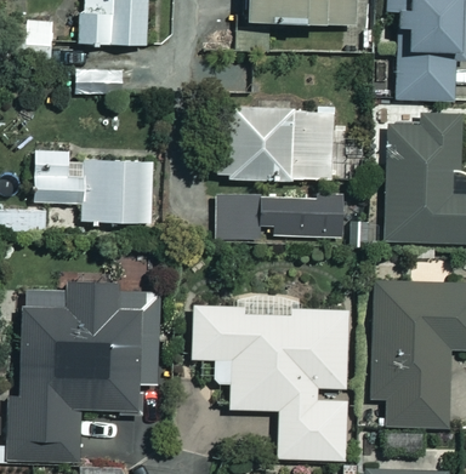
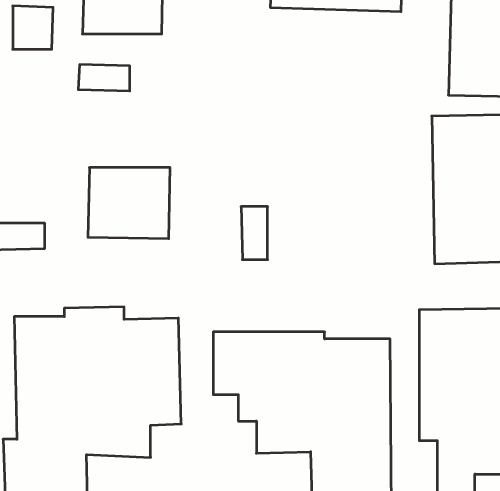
building: [220,108,333,179] -> none
building: [33,150,84,204] -> none
building: [261,196,339,238] -> none

